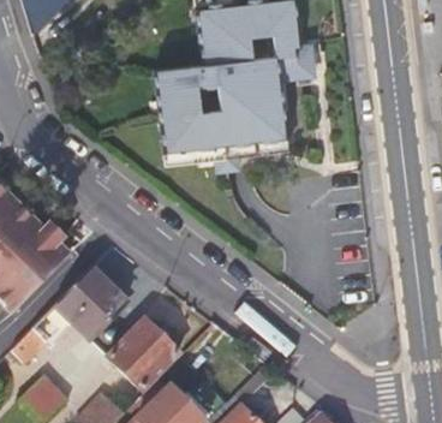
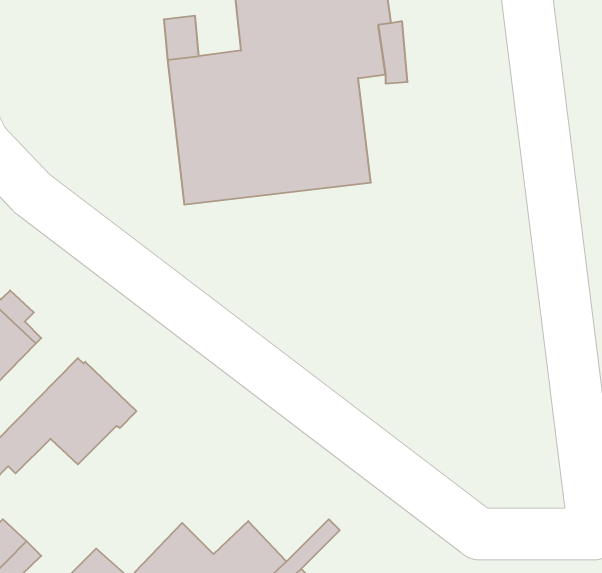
building: [108,317,179,388] -> none

